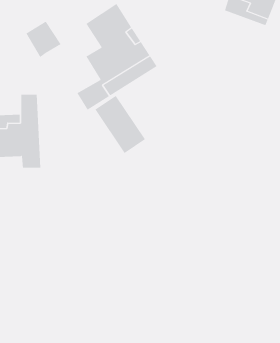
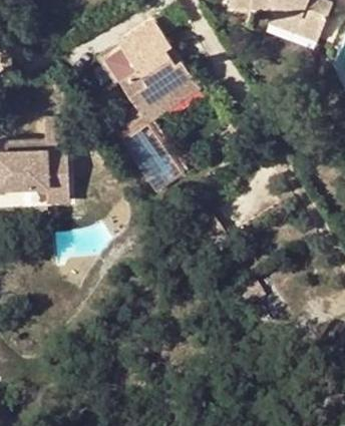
building: [25,21,61,58] -> [94,42,134,83]

